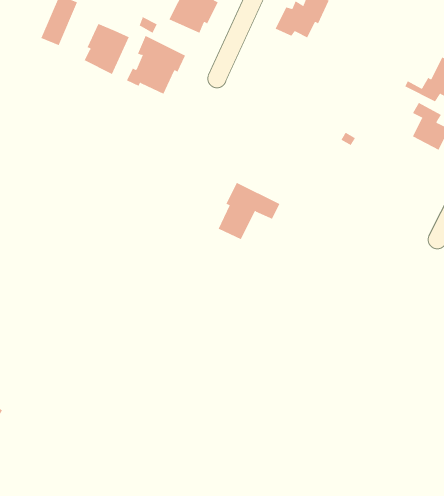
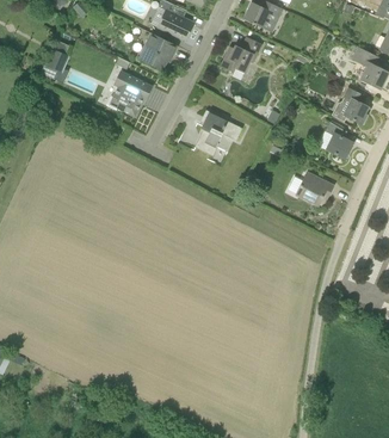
building: [84,23,130,75] -> none
building: none -> [295,172,334,203]
building: [218,182,280,240] -> [194,111,242,155]

